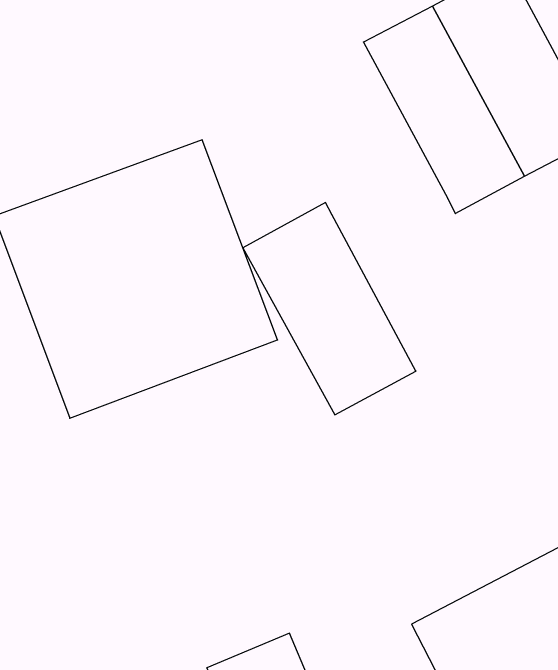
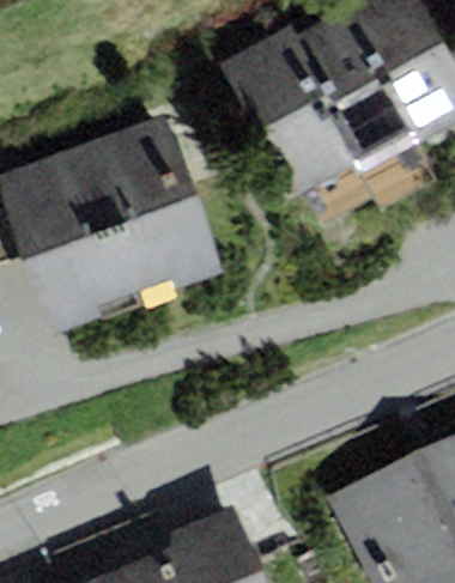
building: [243,203,416,415] -> [220,28,358,196]

